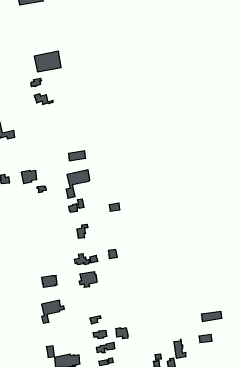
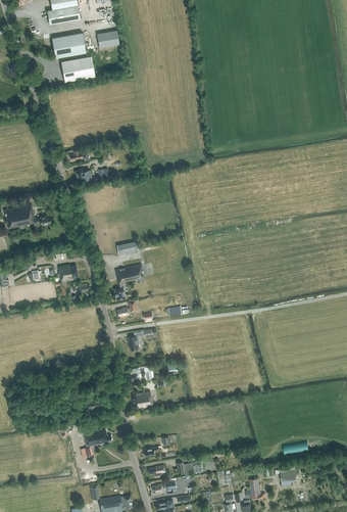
building: [34,51,61,72] -> [60,55,94,81]

